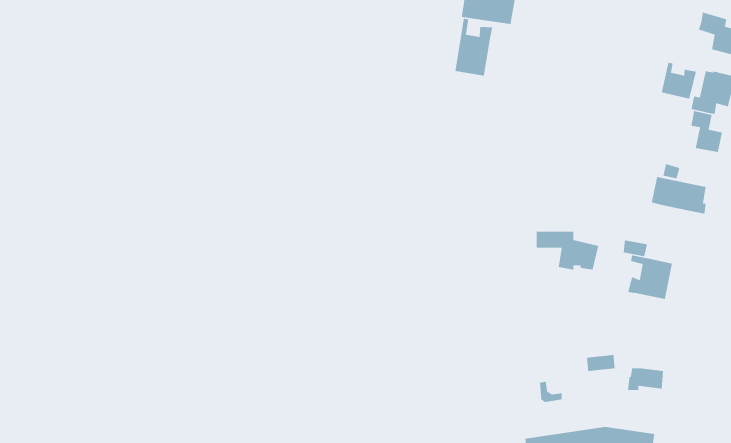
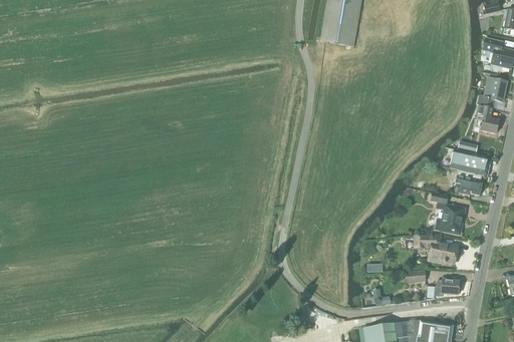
building: [454,18,493,76] -> none
building: [661,62,697,100] -> none
building: none -> [456,169,483,196]
building: [536,231,599,270] -> [415,236,458,263]

